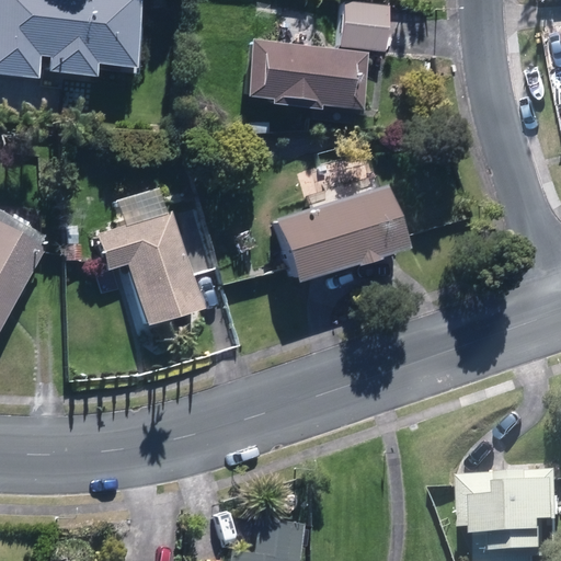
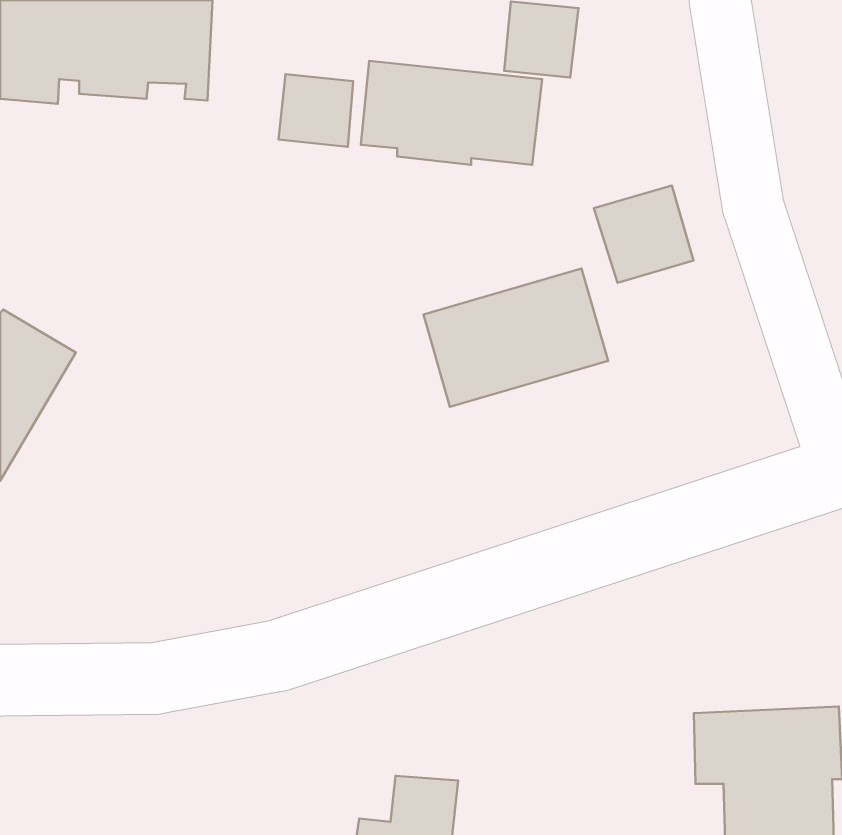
building: none -> [278,74,353,147]
building: none -> [594,185,693,283]
building: [107,213,204,325] -> none

